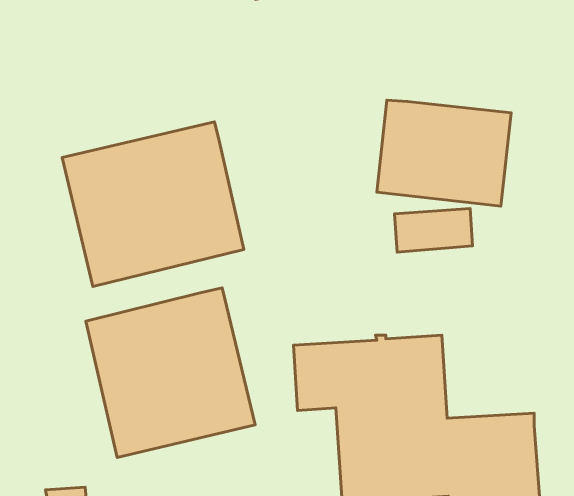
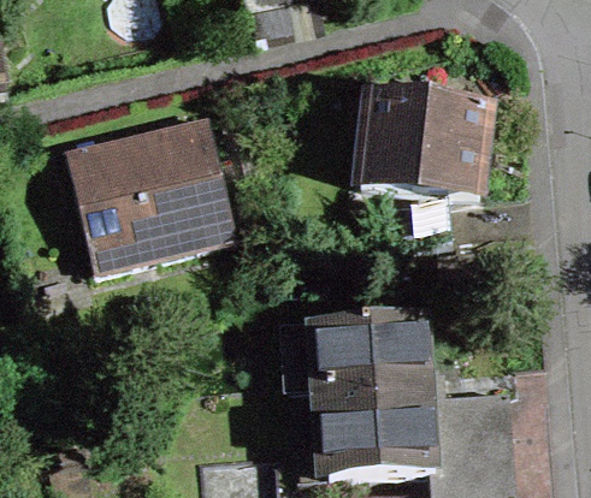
building: [86,288,255,458] -> none

